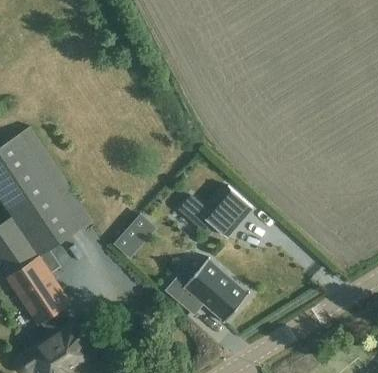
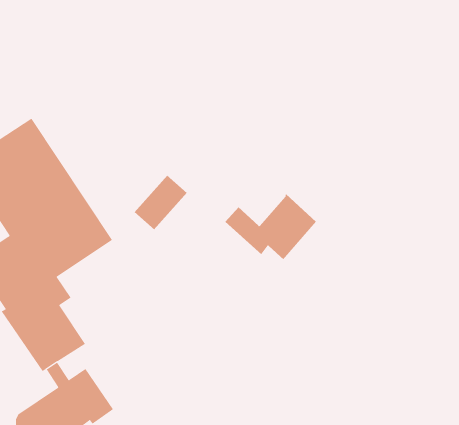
building: [113,214,155,257] -> [134,175,188,230]
building: [166,258,249,324] -> none

